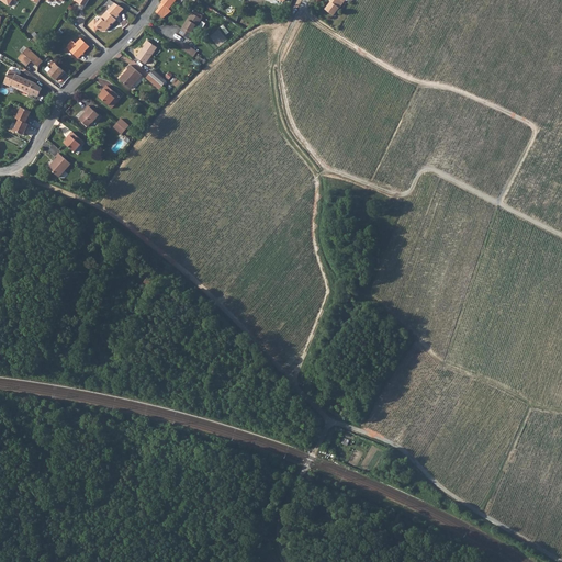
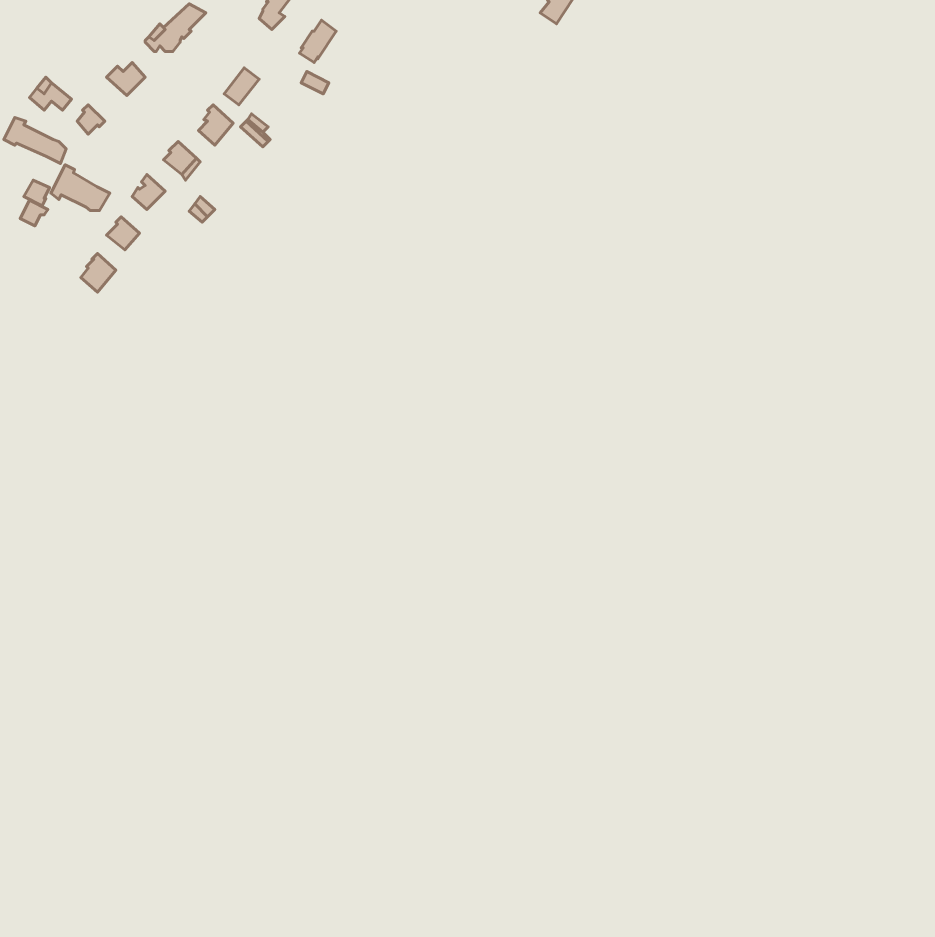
building: none -> [51,165,110,210]

